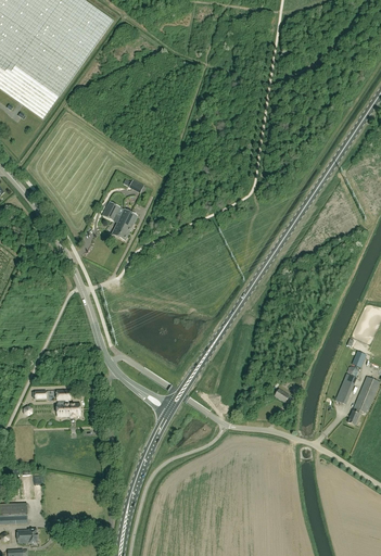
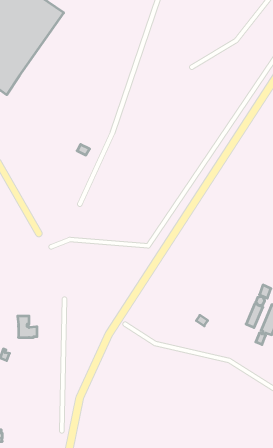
building: [102,200,138,240] -> none

